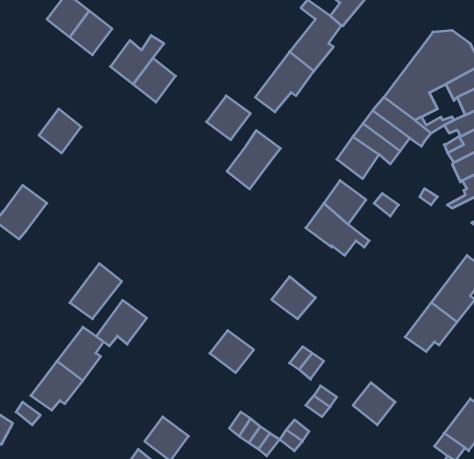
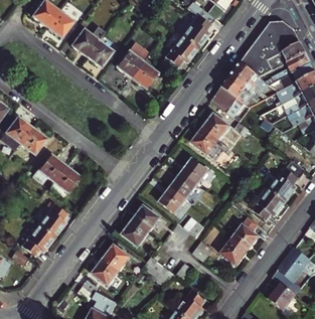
building: [39,109,81,153] -> [20,127,46,154]
building: [227,130,281,189] -> [117,40,150,76]
building: none -> [182,158,209,185]
building: none -> [160,186,187,213]
building: [96,300,147,346] -> [33,153,64,181]
building: none -> [122,219,149,246]
building: none -> [232,222,260,250]
building: none -> [104,245,131,271]

